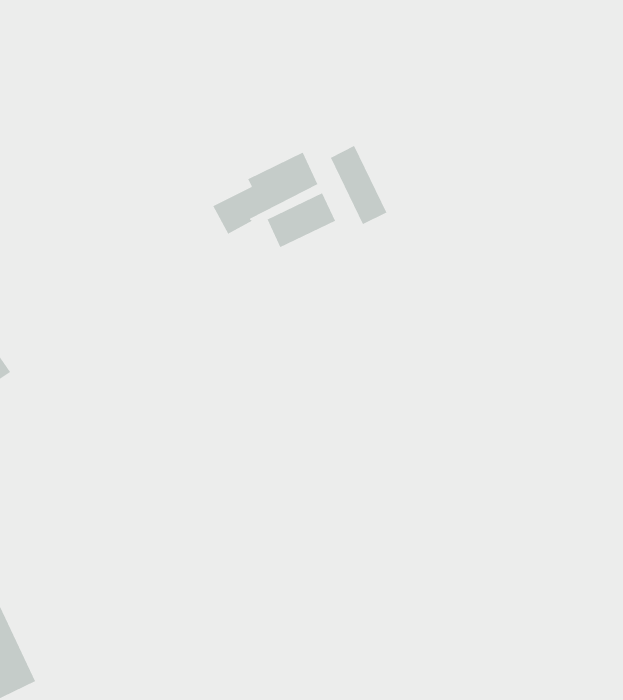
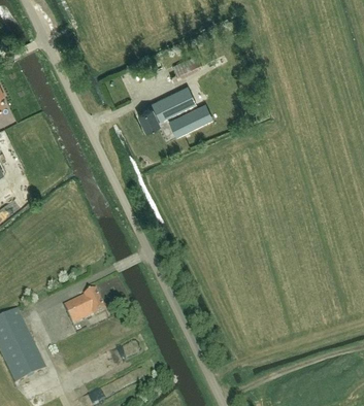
building: [330,145,387,225] -> none
building: none -> [64,290,105,324]

